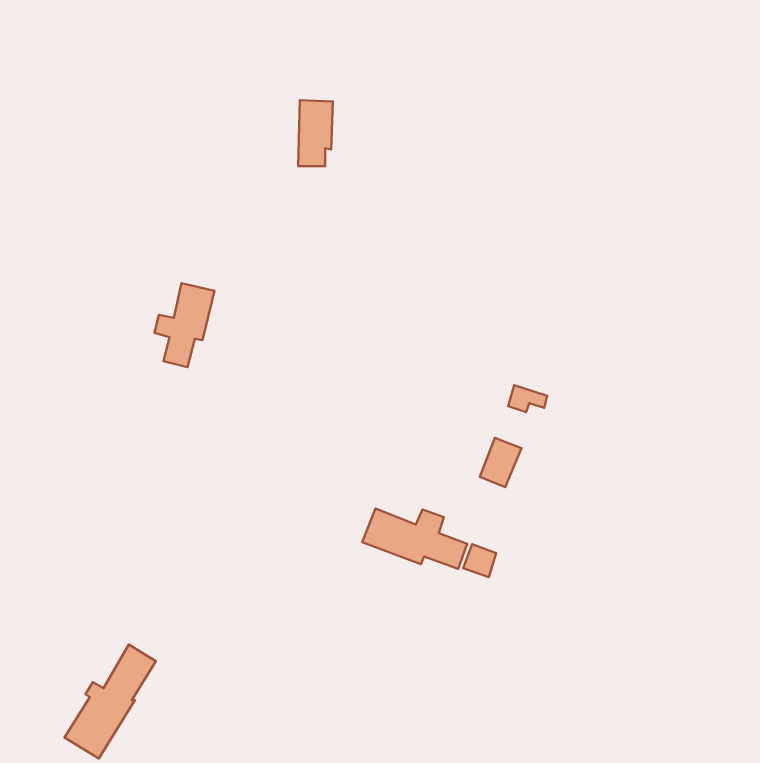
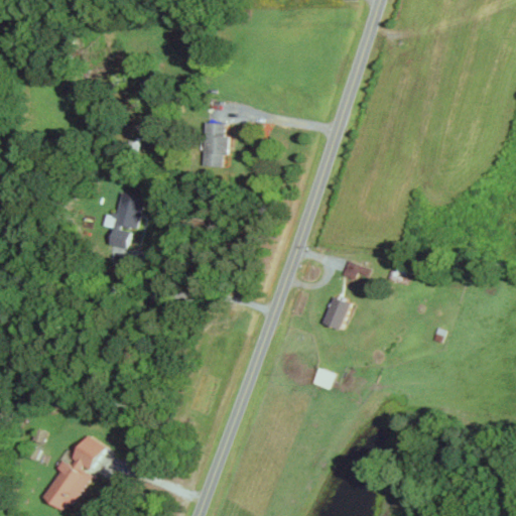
building: [298,100,333,166] -> [204,122,227,166]
building: [362,508,467,569] -> none

